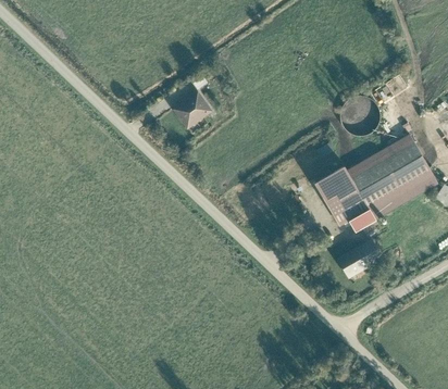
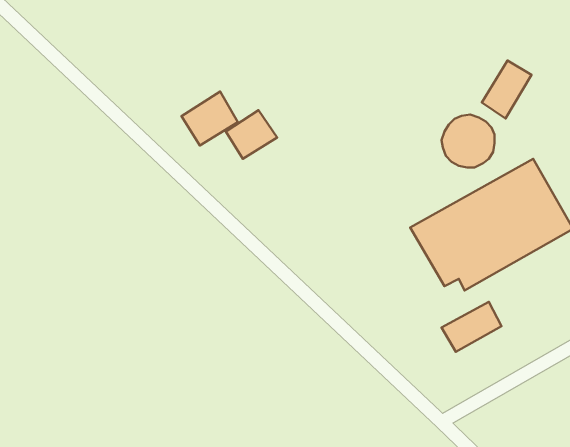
building: none -> [482,61,531,119]
building: none -> [181,91,238,145]

